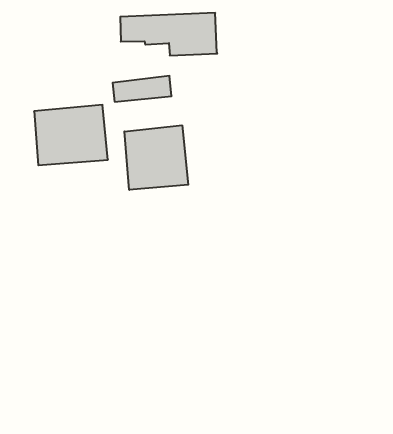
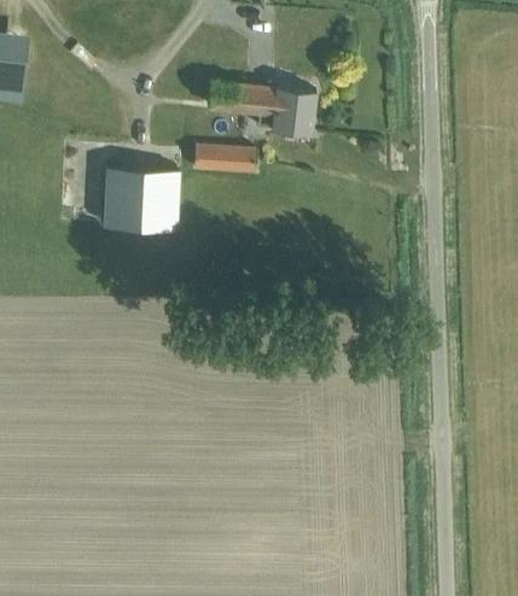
building: [124,125,188,190] -> none

